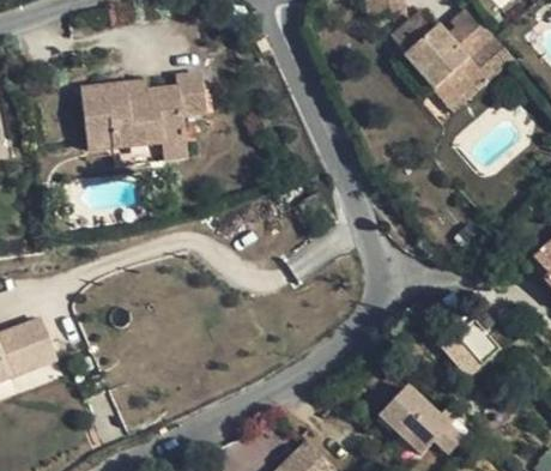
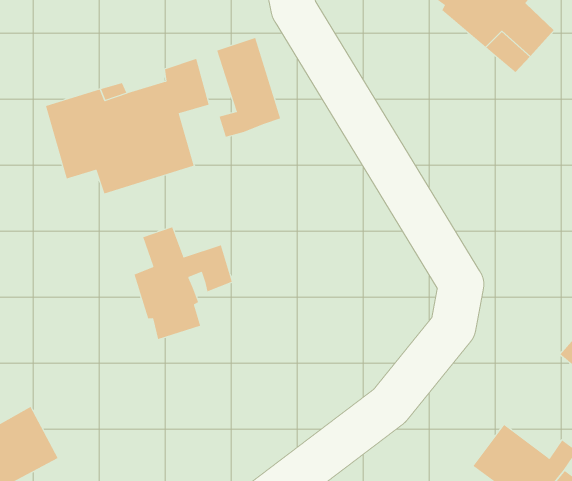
building: none -> [216,37,281,137]
building: none -> [134,227,232,340]

